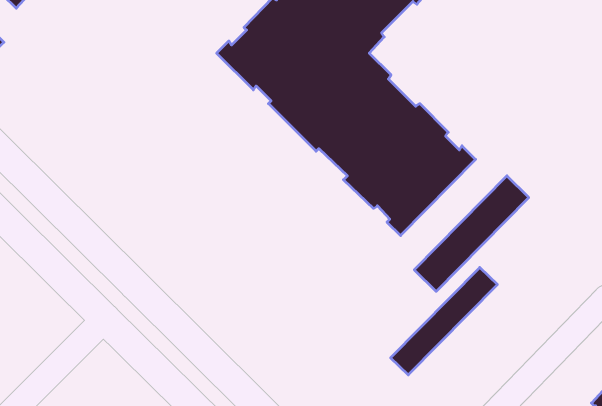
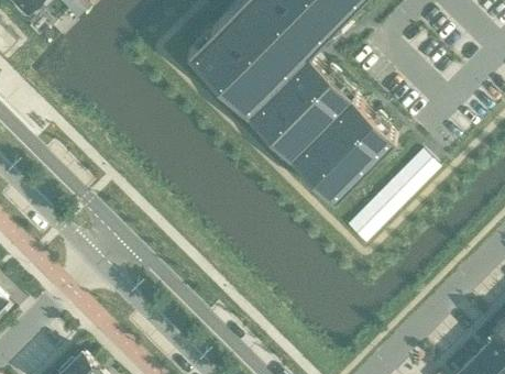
building: [391,267,497,375] -> none

